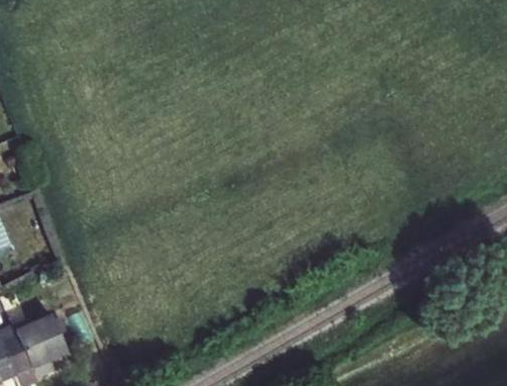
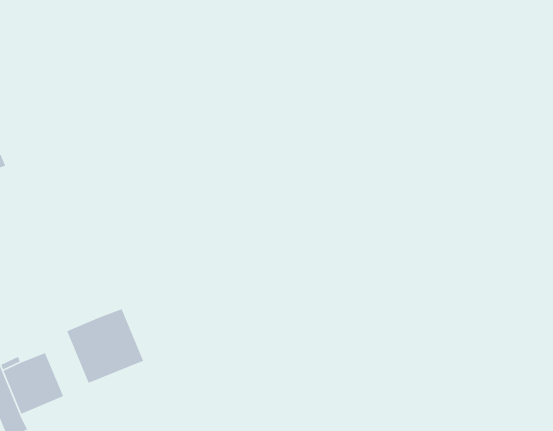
building: none -> [66,308,144,384]

